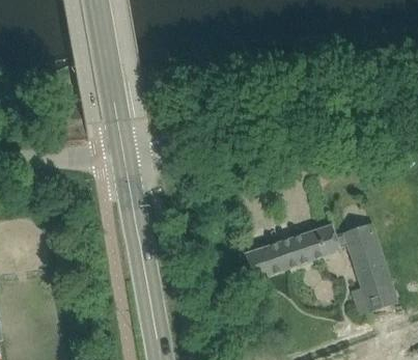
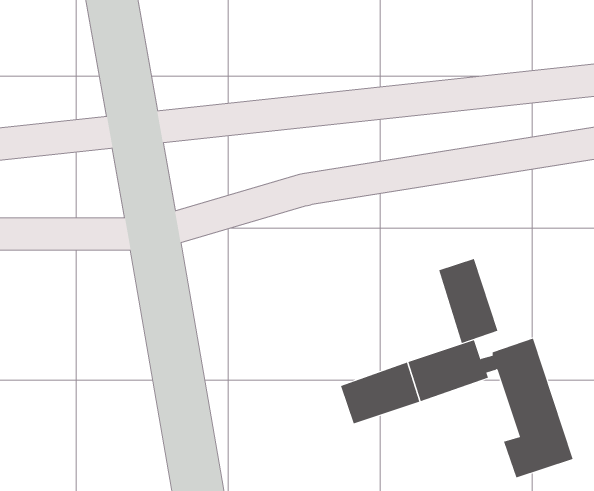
building: none -> [439,258,498,344]

